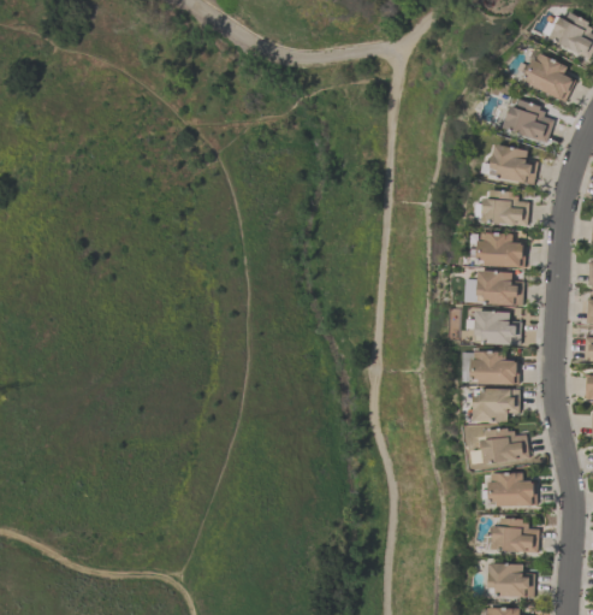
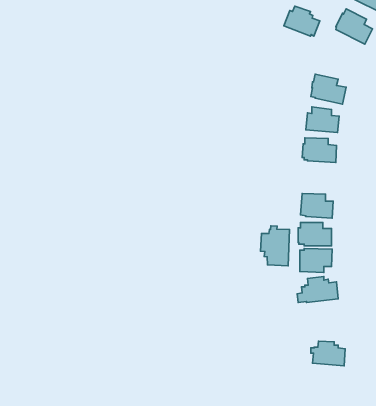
building: [504,100,555,142] -> [284,6,320,36]
building: [476,272,524,307] -> none
building: none -> [261,226,289,266]
building: [488,473,536,507] -> none
building: [488,563,534,598] -> none

